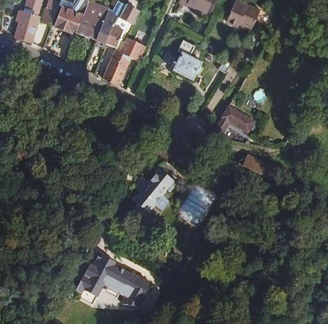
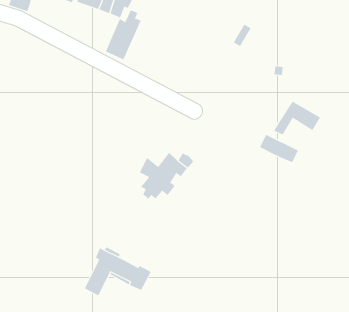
building: [168,40,201,81] -> none
building: [211,106,254,137] -> [273,101,321,135]

